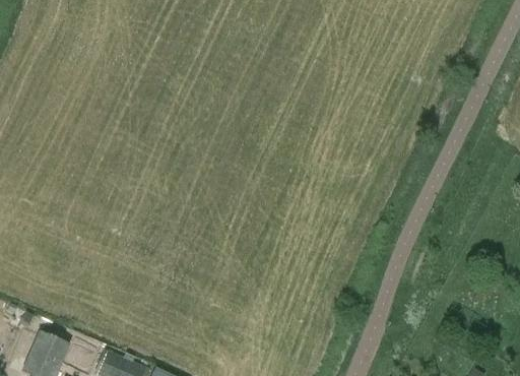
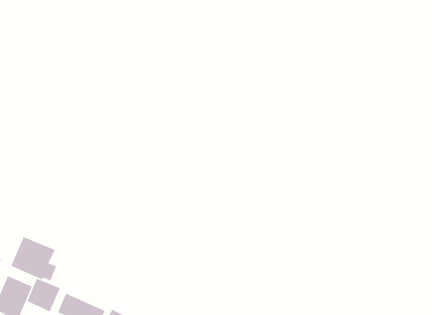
building: none -> [10,236,57,281]

